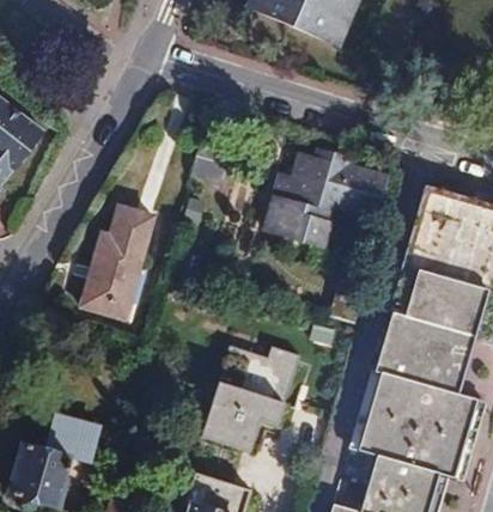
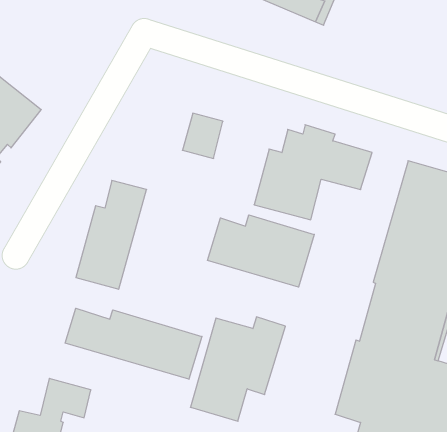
building: none -> [208,215,314,287]
building: none -> [65,308,202,379]

